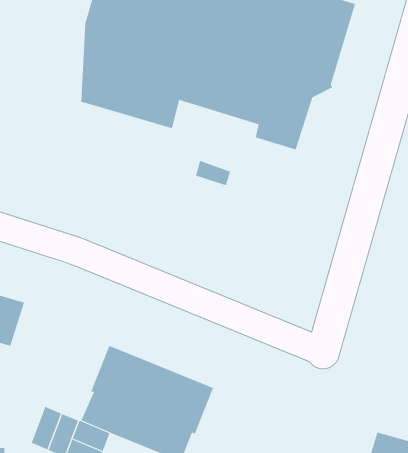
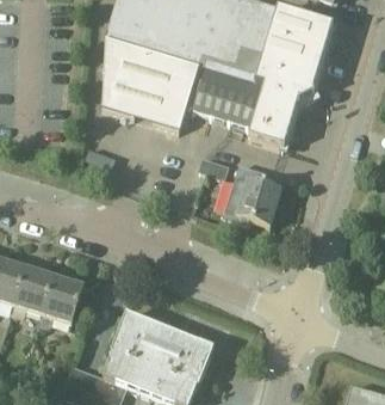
building: none -> [222,164,279,227]
building: none -> [43,275,83,321]

